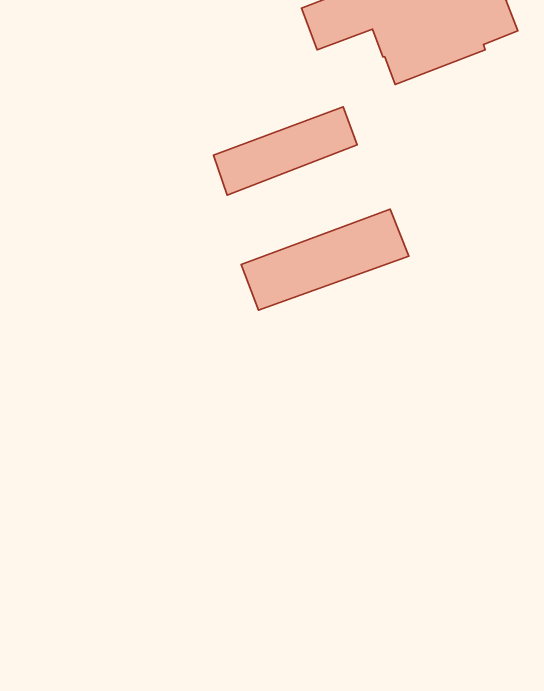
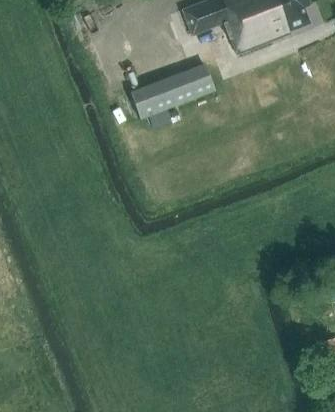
building: [241,209,409,310] -> none

